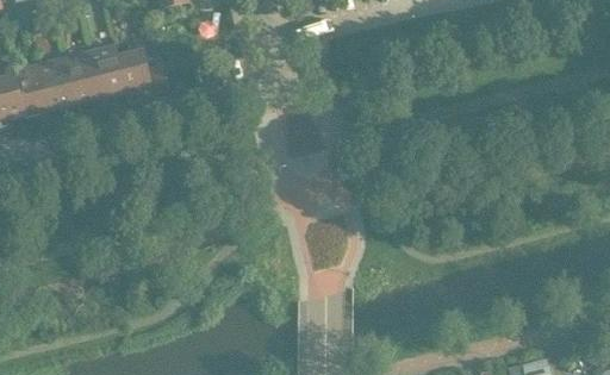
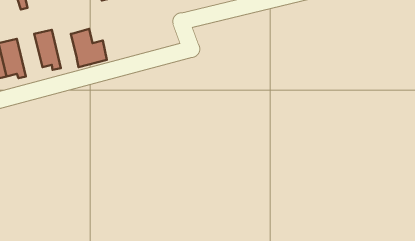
building: [88,42,124,102] -> none
building: [38,54,75,114] -> none

